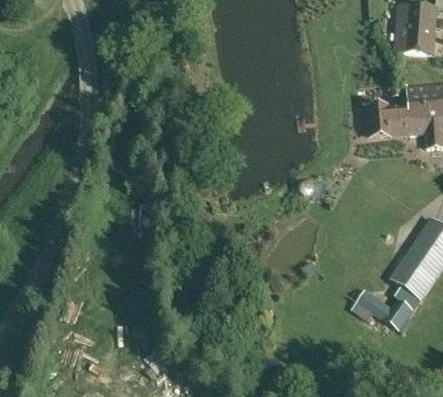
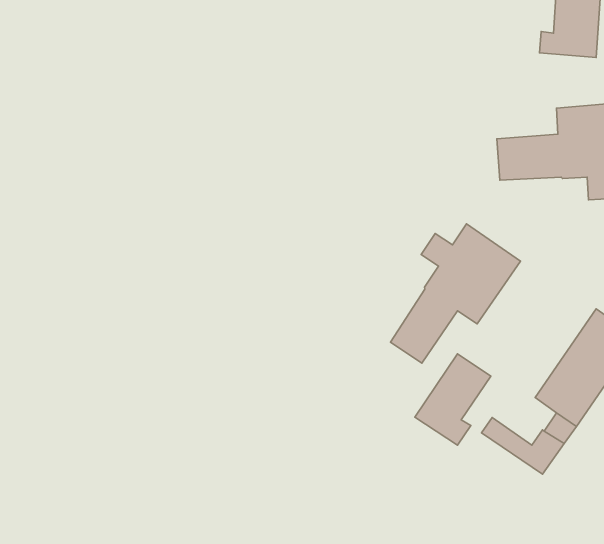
building: none -> [391,224,520,363]
building: none -> [415,354,491,445]

